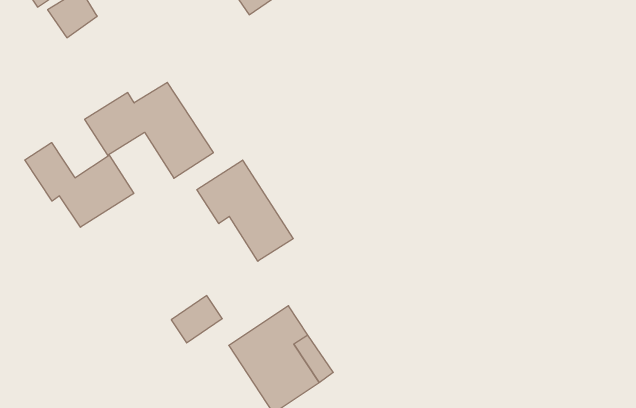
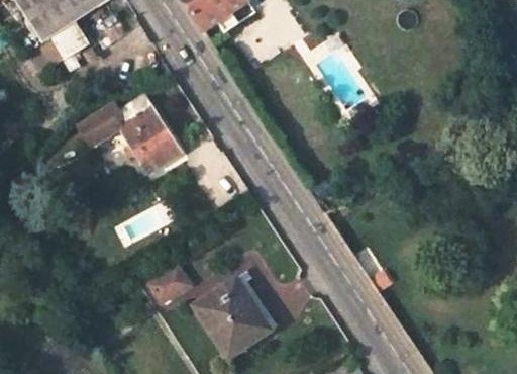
building: [25,143,134,227] -> none
building: [197,160,293,261] -> none

